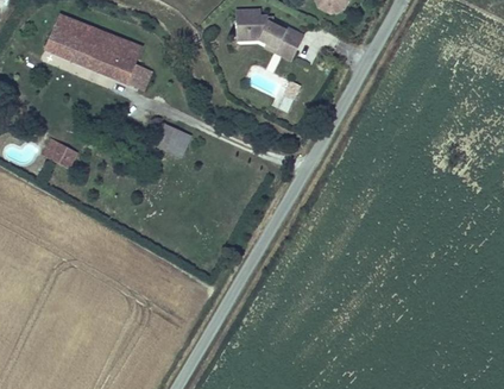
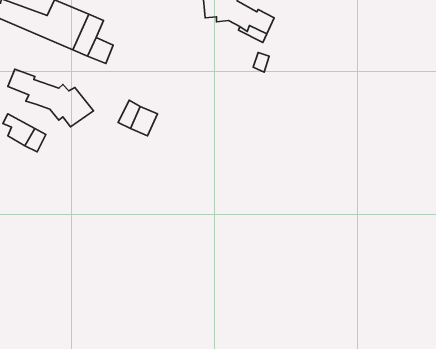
building: none -> [8,69,94,127]

